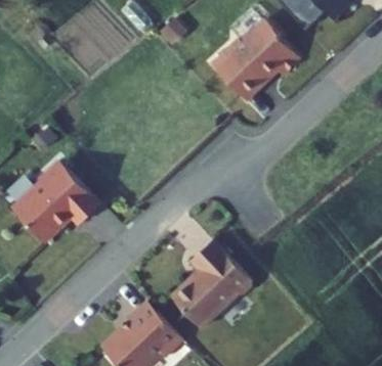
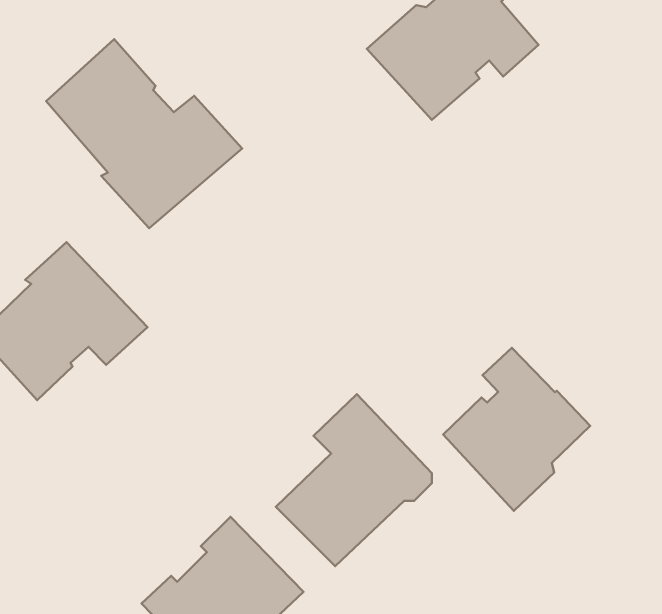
building: none -> [46,39,242,228]
building: none -> [443,348,590,511]

